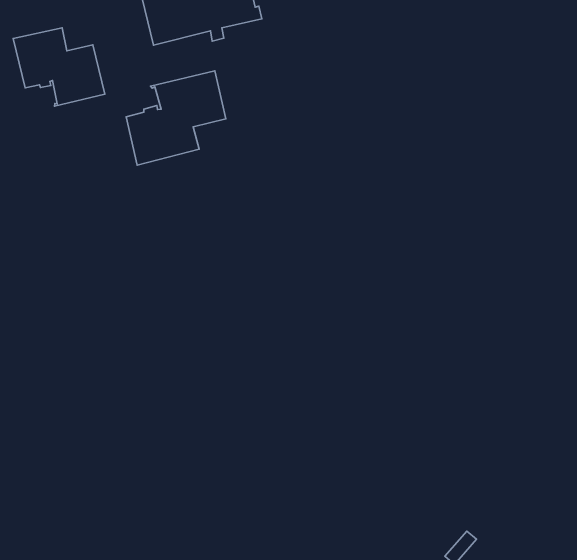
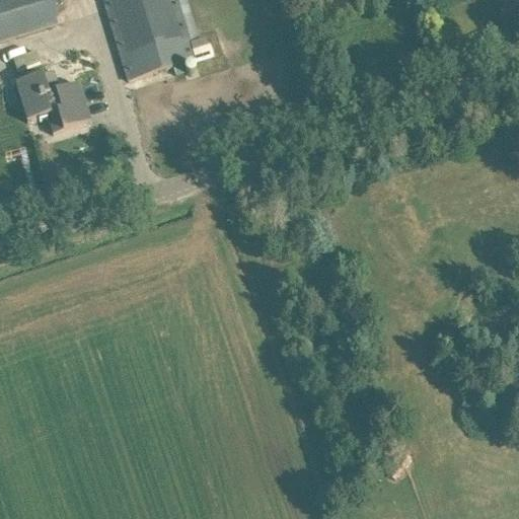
building: [126,71,226,165] -> none

